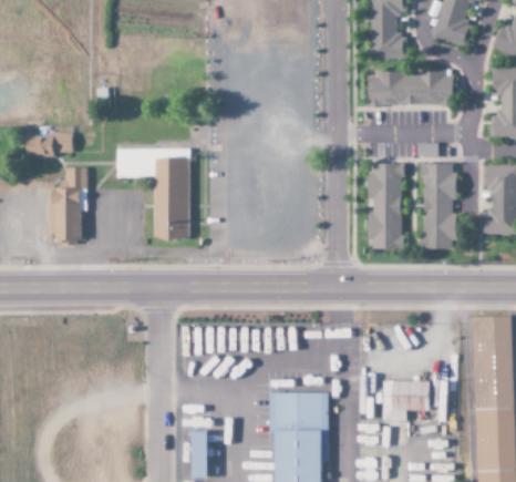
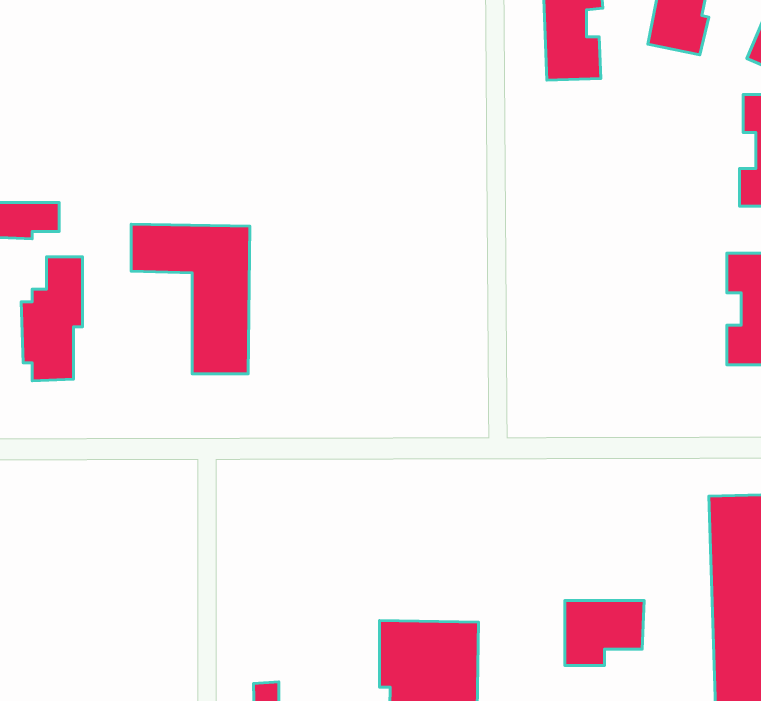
building: [369,73,452,106] -> none
building: [368,164,403,249] -> none
building: [423,164,455,250] -> none

